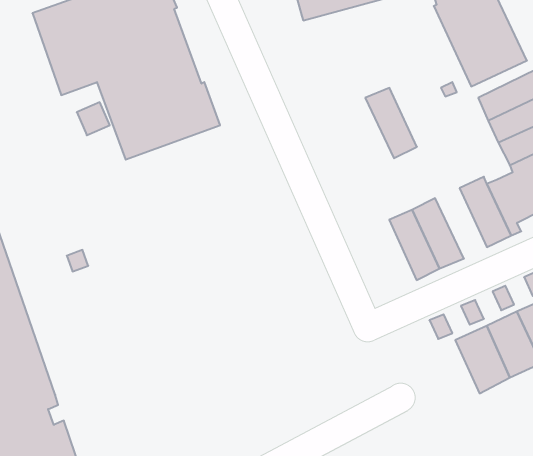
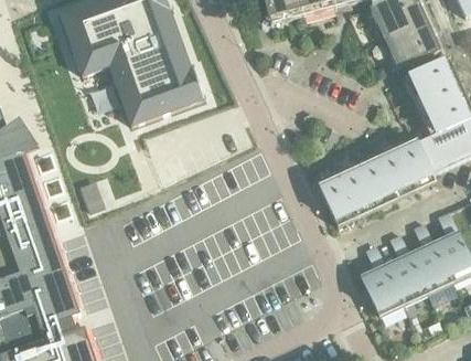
building: [365,88,417,158] -> [370,146,409,200]
building: none -> [315,170,355,225]
building: none -> [360,263,404,315]

